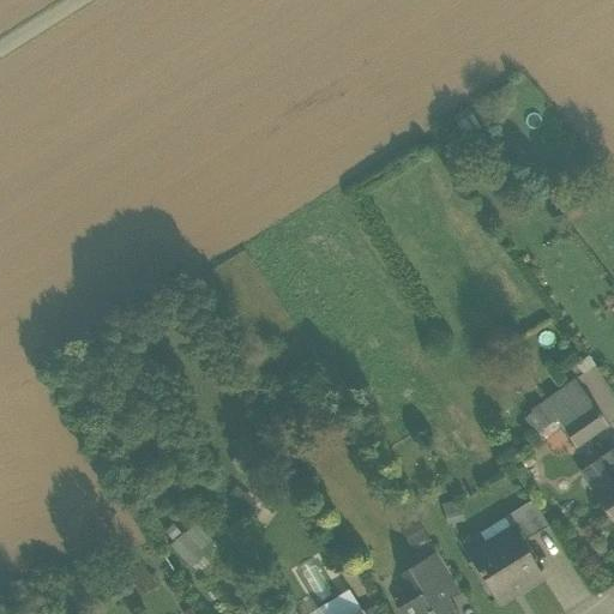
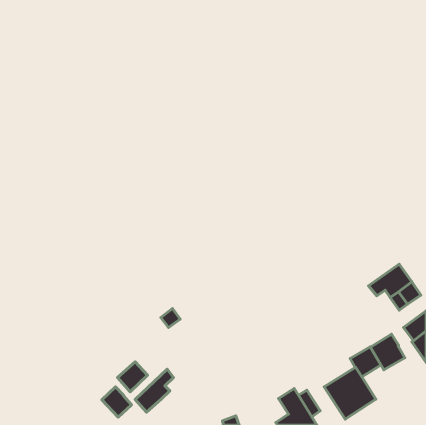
building: none -> [370,334,405,370]
building: none -> [135,369,173,412]
building: none -> [102,387,132,417]

